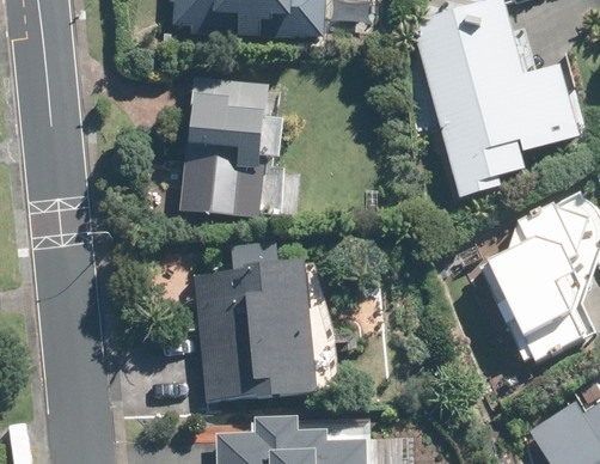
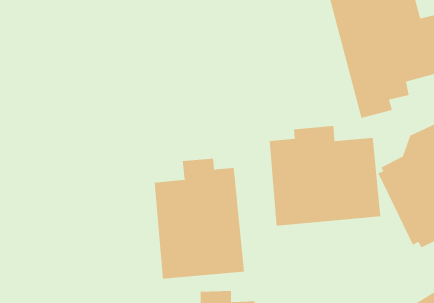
building: [182,78,268,218] -> none
building: none -> [269,125,381,226]

